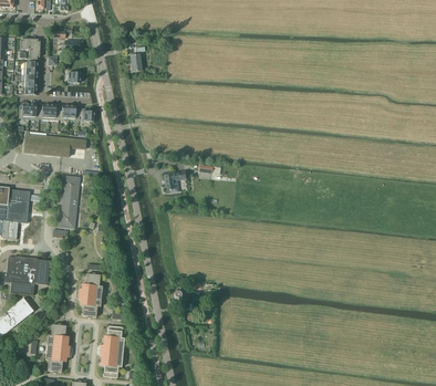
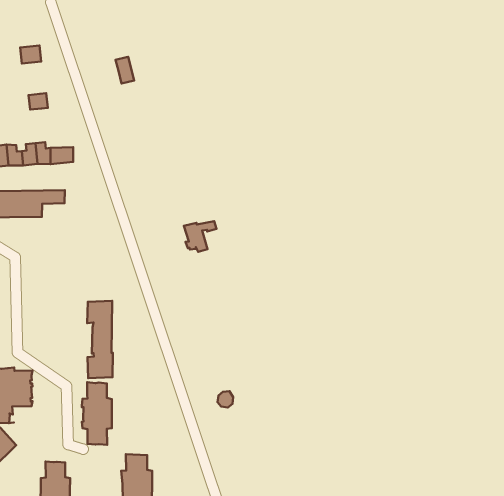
building: [58,175,80,228] -> [87,301,113,378]

